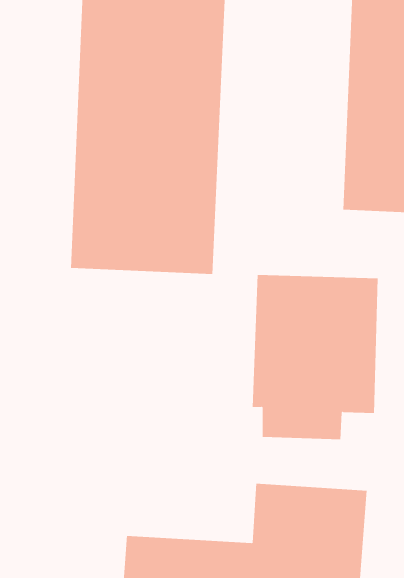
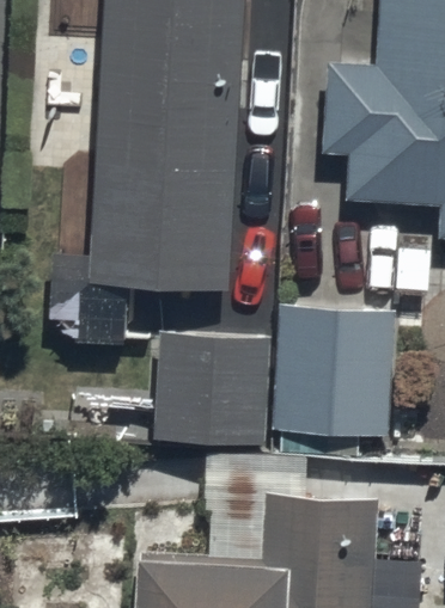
building: none -> [151,320,268,437]

